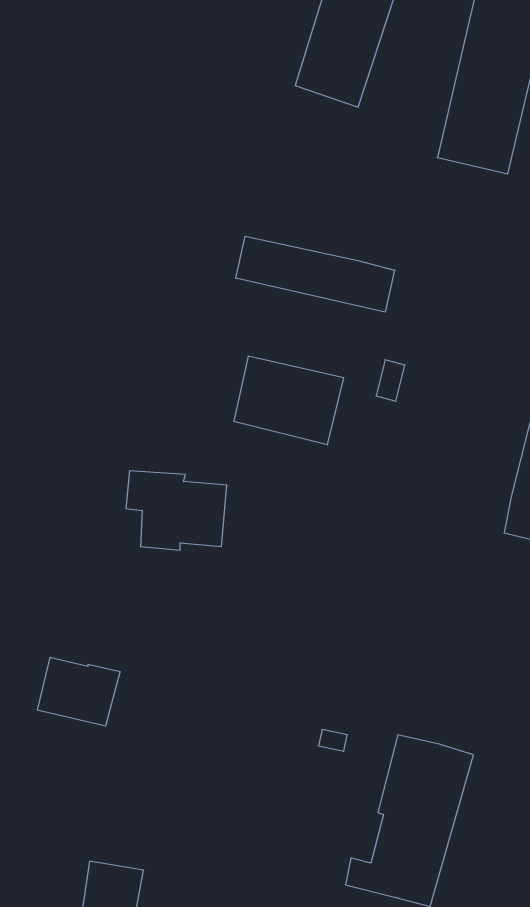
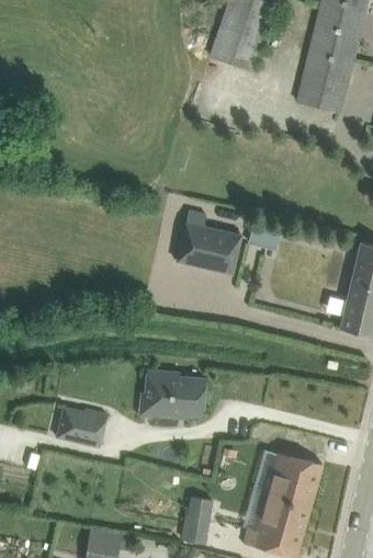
building: [236,236,395,312] -> none
building: [126,471,227,550] -> [143,369,204,418]
building: none -> [182,497,212,544]

